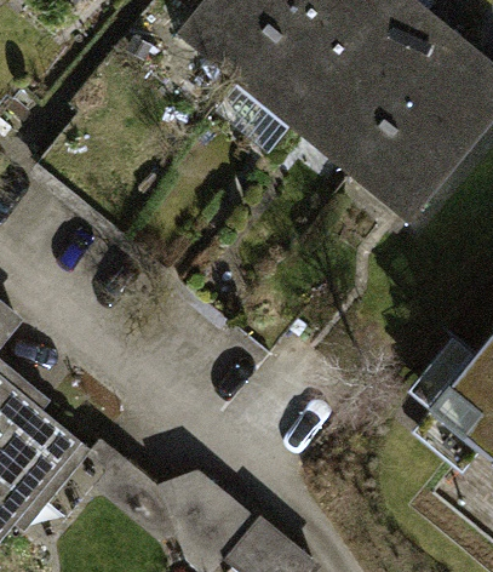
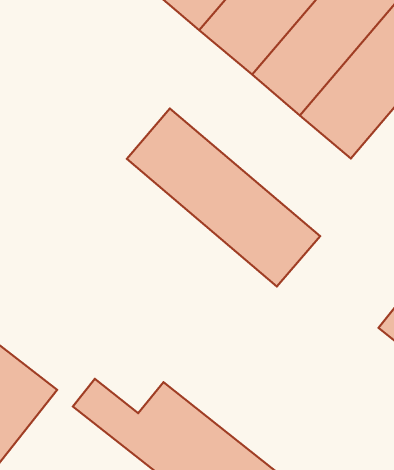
building: none -> [127,108,320,287]

